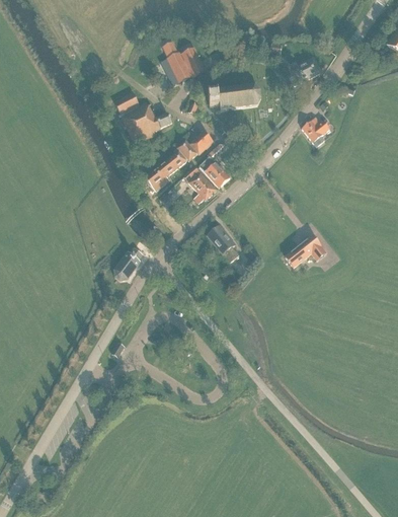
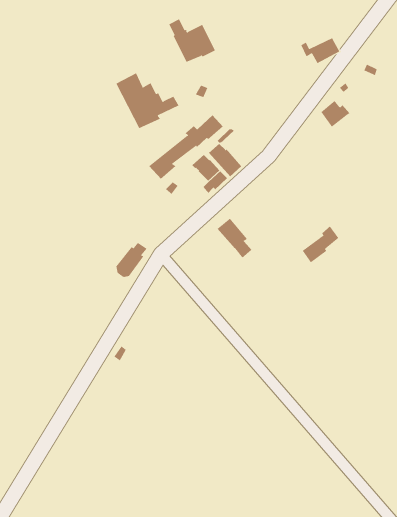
building: [208,85,260,110] -> none

